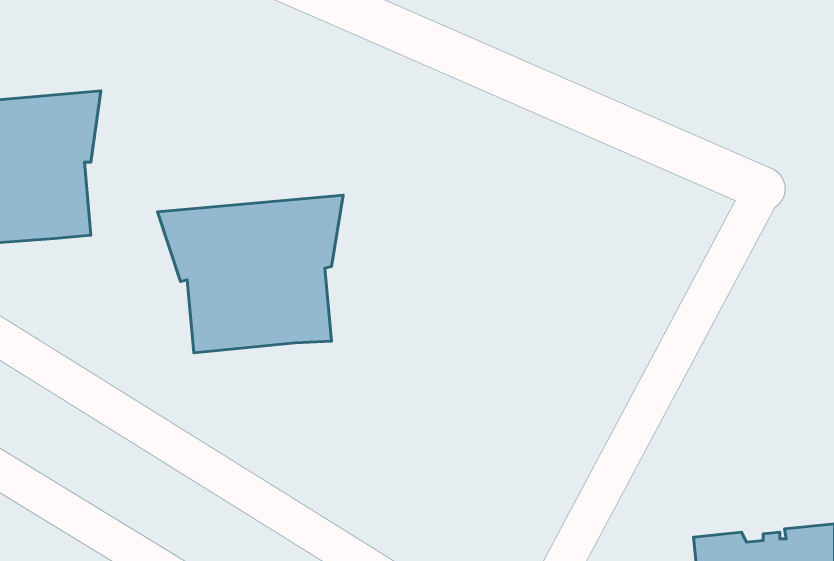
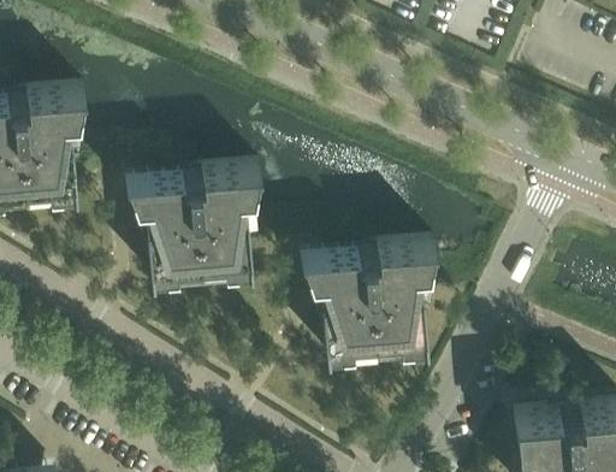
building: none -> [300,238,433,353]

